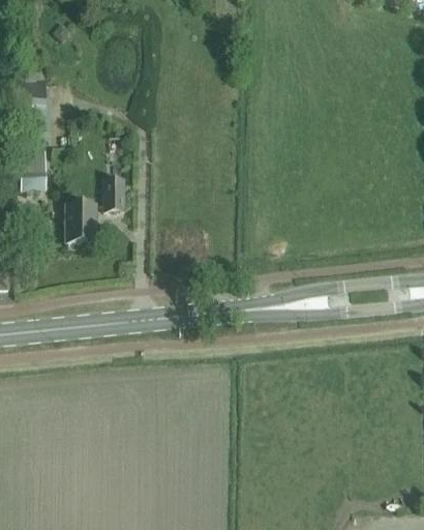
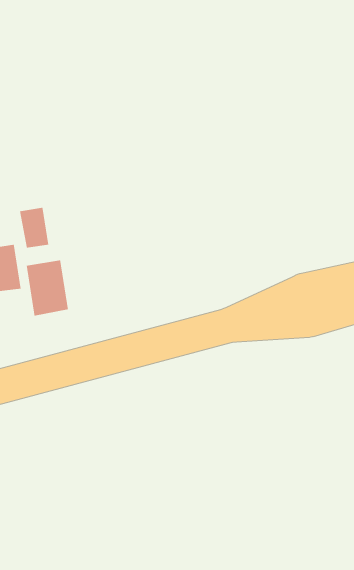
building: none -> [26,260,68,317]

